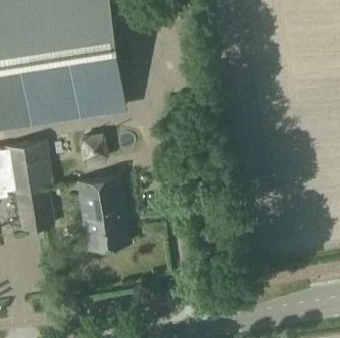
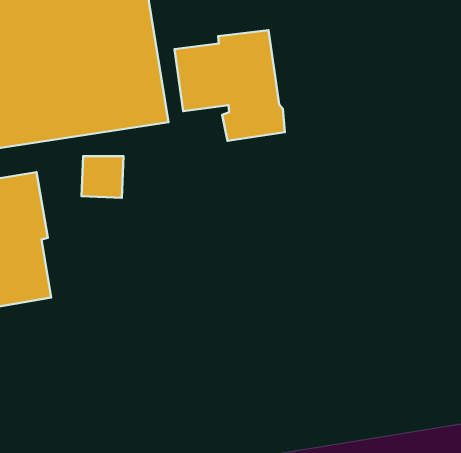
building: none -> [174,30,285,141]
building: [75,175,129,249] -> none

